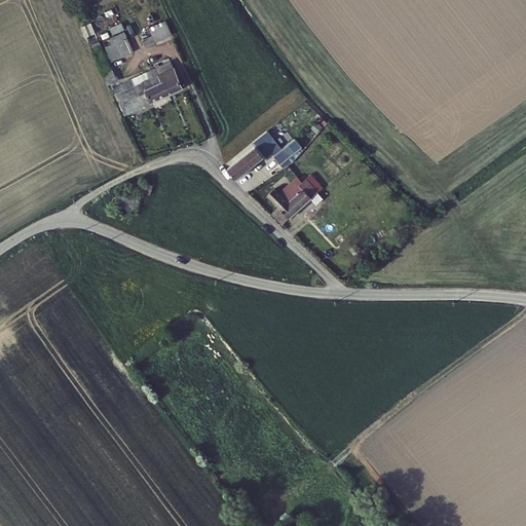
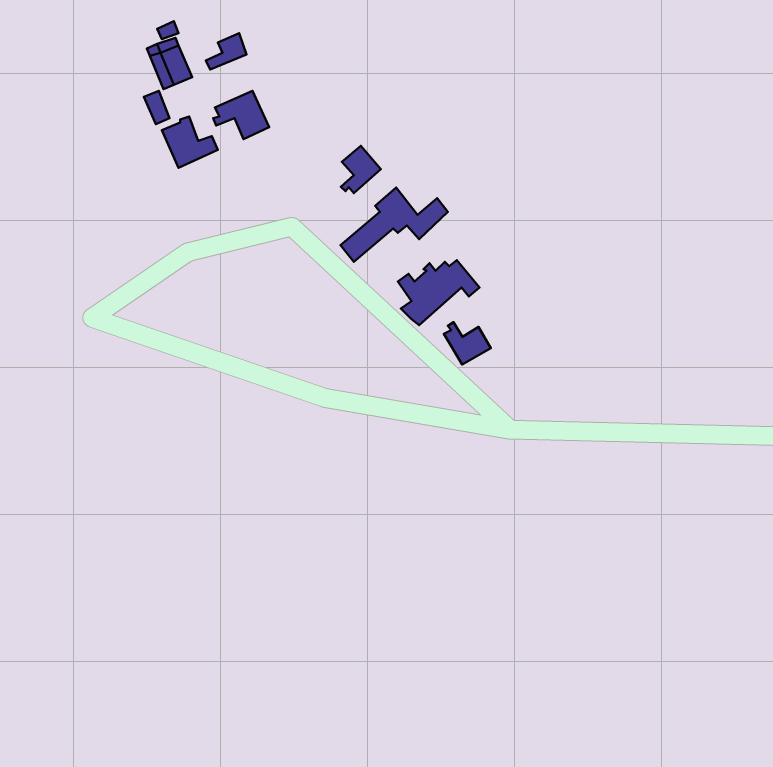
building: [128,76,165,102] -> none
building: none -> [341,146,381,193]
building: none -> [444,322,491,365]

